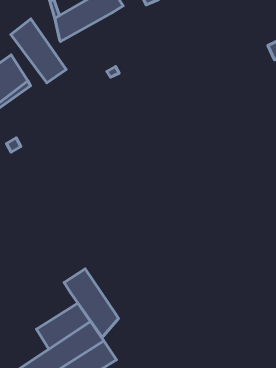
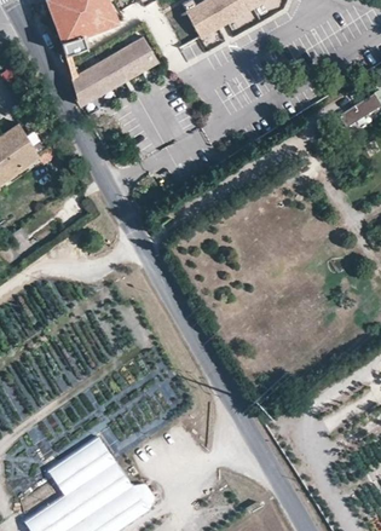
building: [11,19,66,83] -> none
building: [64,269,119,337] -> none

